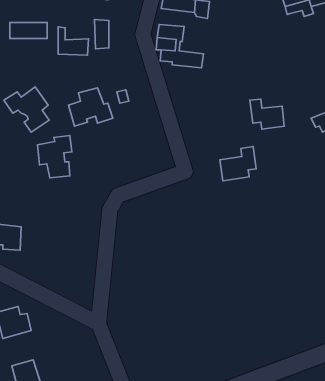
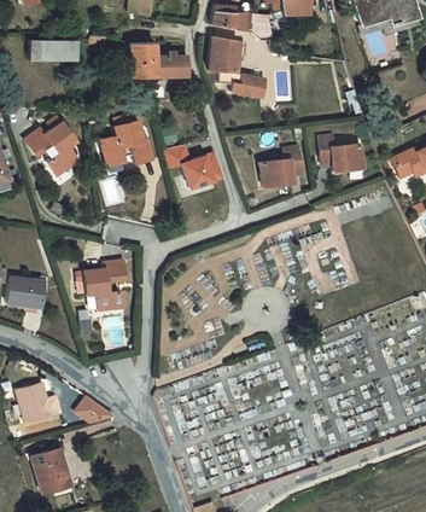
building: [58,27,88,55] -> [150,40,186,74]
building: none -> [162,142,224,188]
building: [38,136,72,178] -> [84,258,126,309]
building: [220,147,256,181] -> [258,146,302,187]
building: none -> [71,392,111,420]

